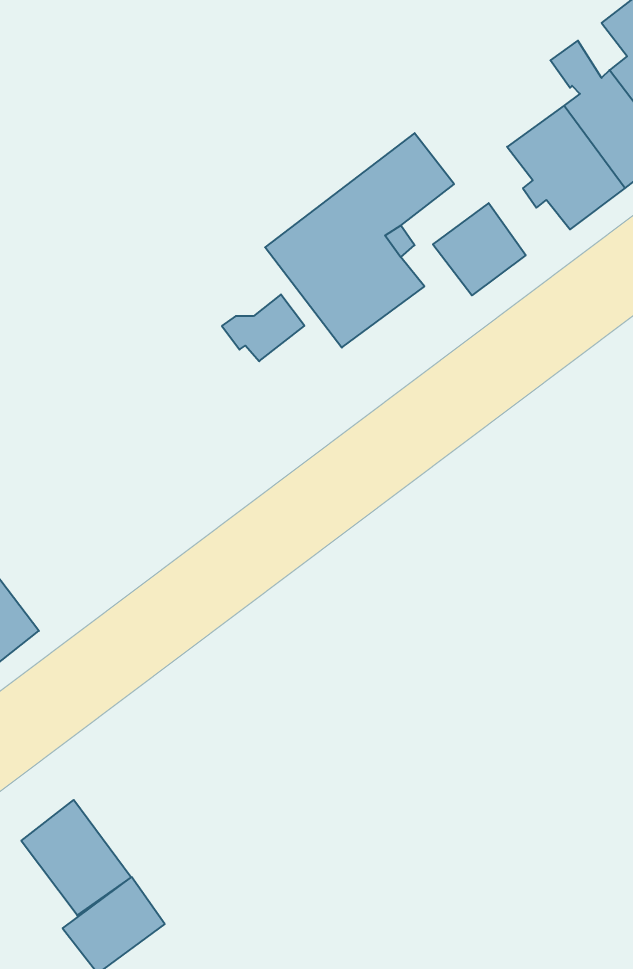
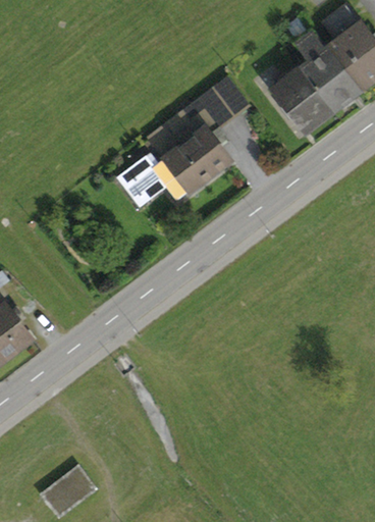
building: [433,203,526,295] -> none
building: [21,800,131,915] -> none

